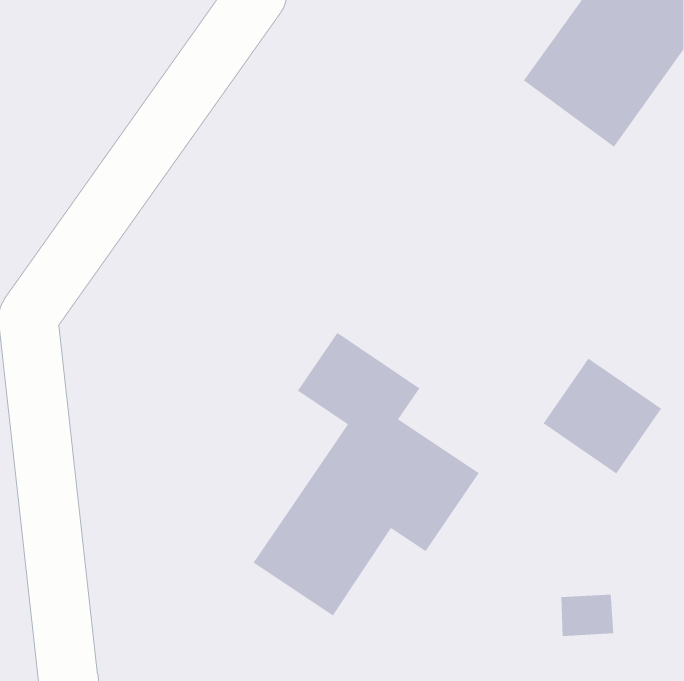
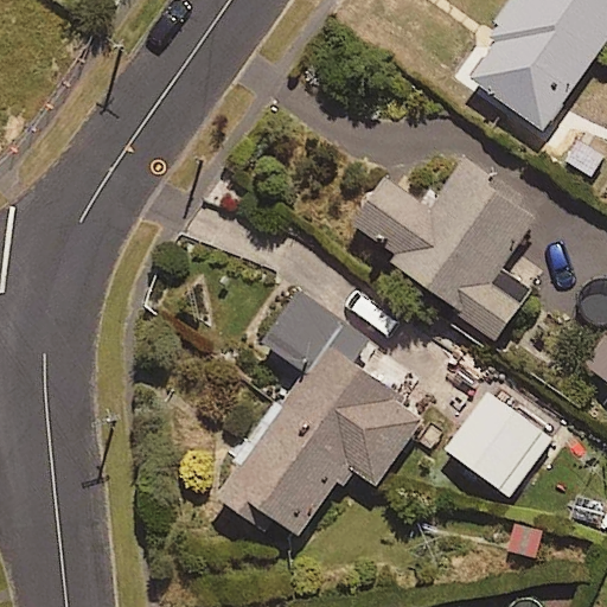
building: none -> [356,164,537,340]
building: [543,358,662,474] -> [445,392,550,496]

